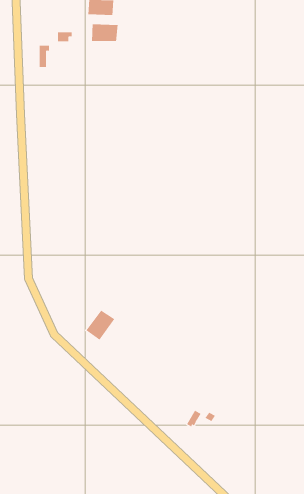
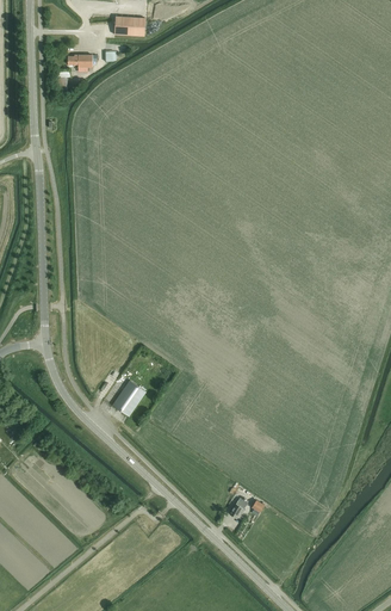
building: [91,23,118,42] -> none

